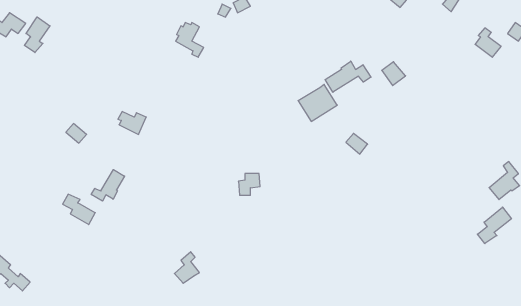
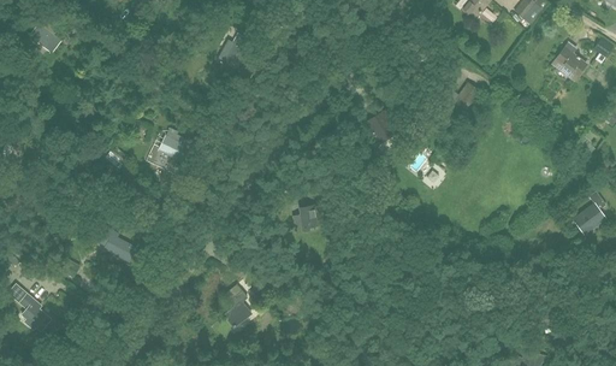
building: [24,17,50,53] -> none
building: [325,61,371,92] -> none
building: [91,170,125,201] -> none
building: [477,207,511,244] -> none

